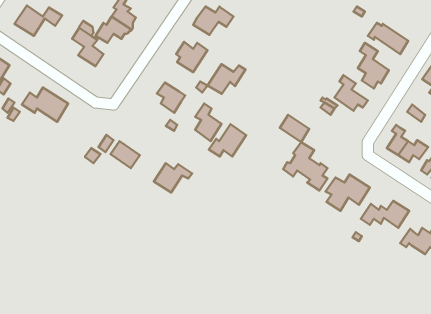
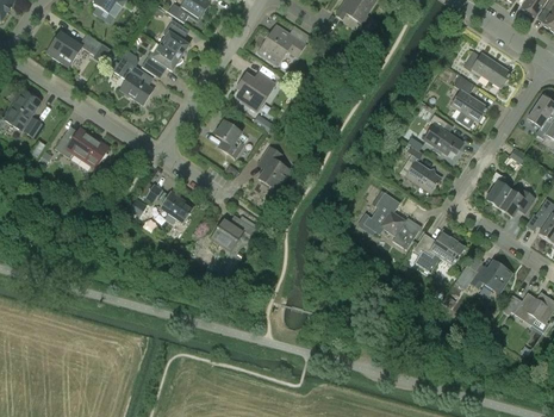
building: [207,64,245,94] -> none
building: [280,115,309,142] -> [406,160,441,192]
building: [209,124,246,157] -> none

